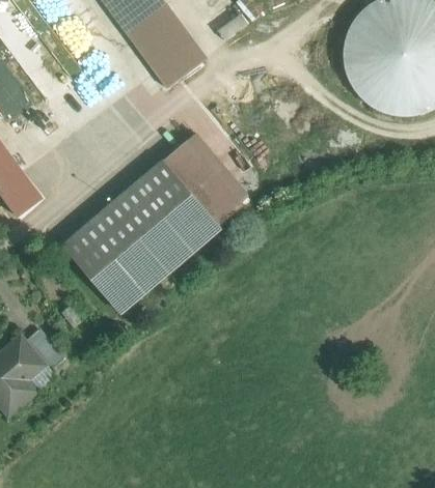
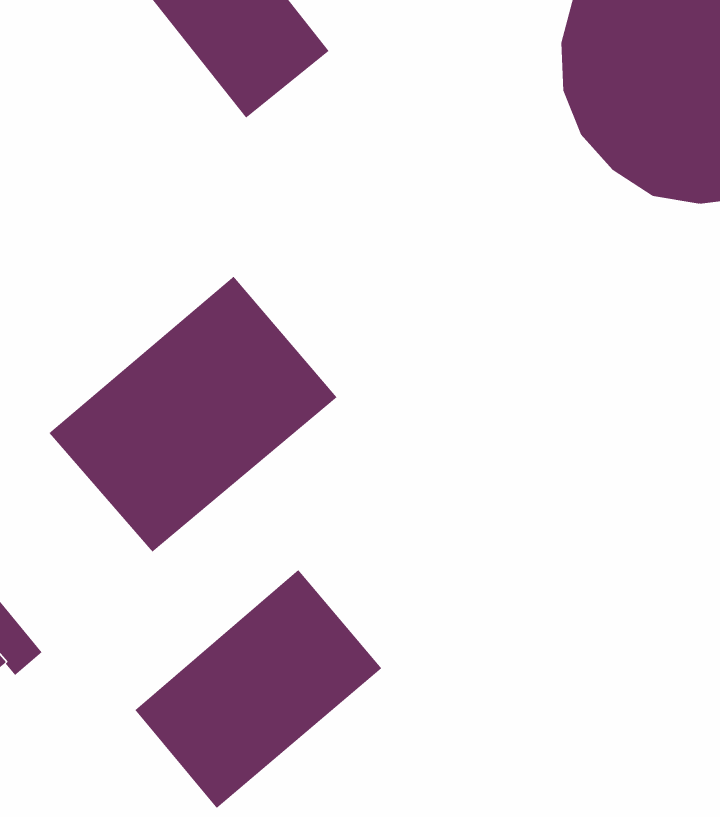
building: [164,142,243,227] -> none
building: none -> [134,569,382,809]

